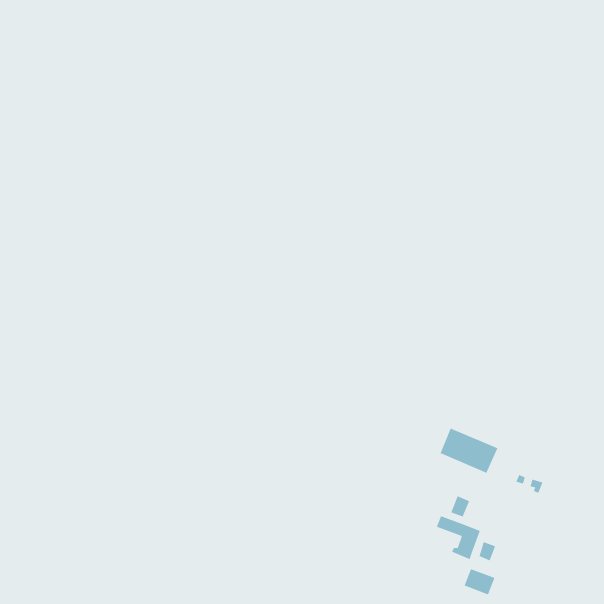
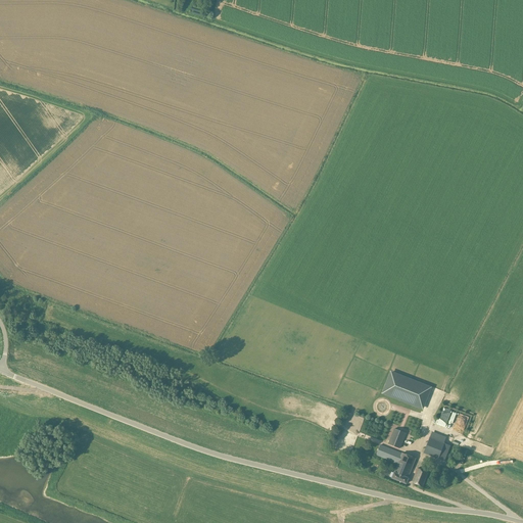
building: [463,568,495,595] -> [424,436,451,460]

